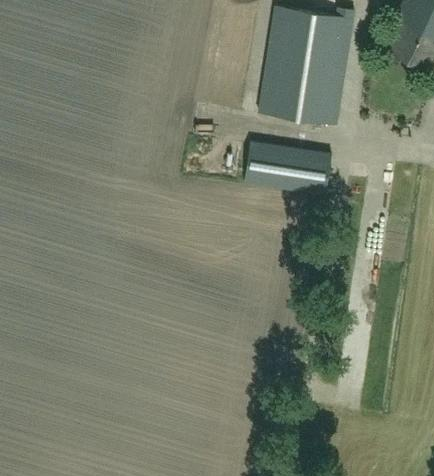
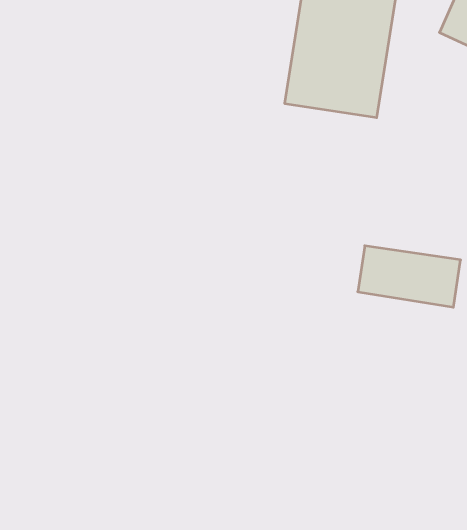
building: [244,141,331,193] -> [358,246,461,307]

